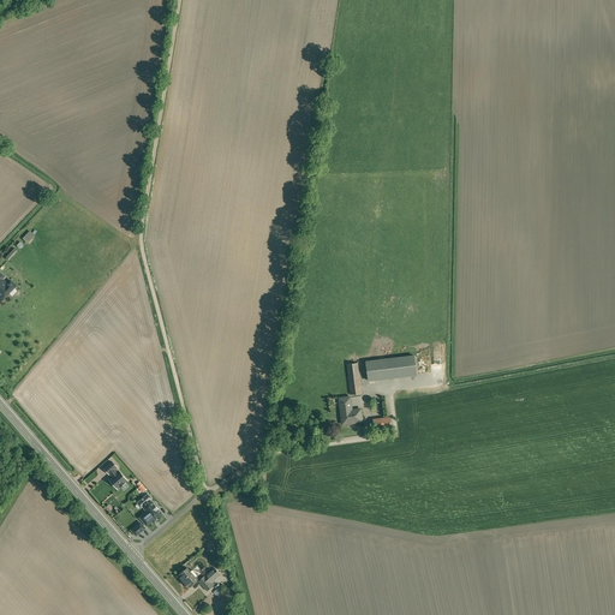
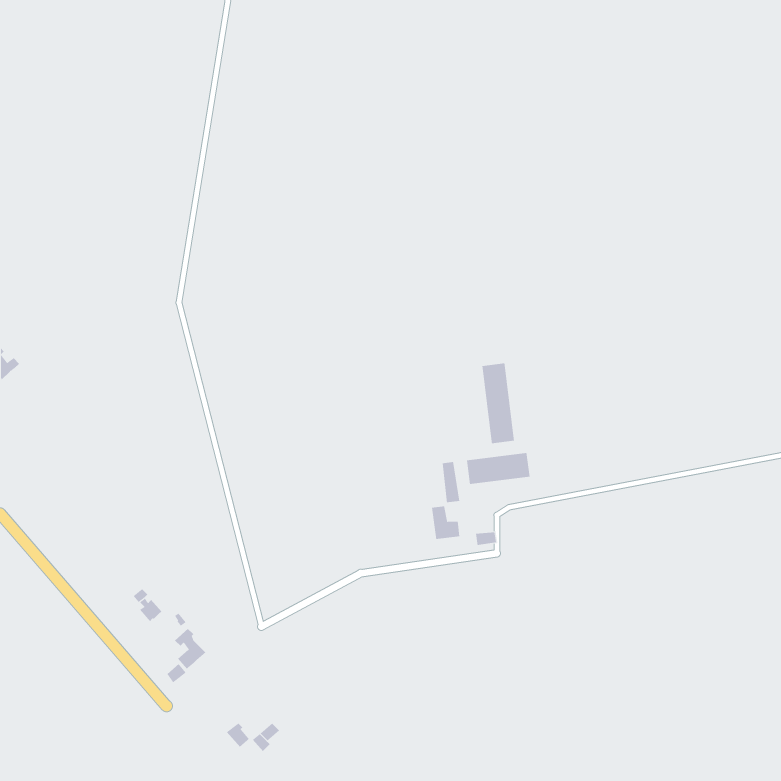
building: none -> [482,362,515,444]

